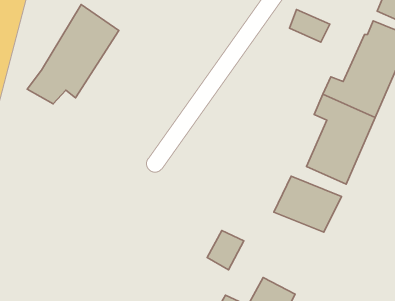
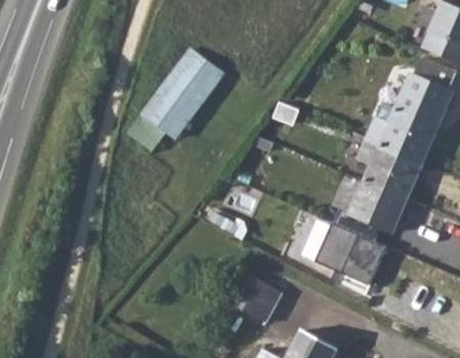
building: [27,4,119,104] -> [125,45,222,151]
building: [289,9,330,42] -> none

